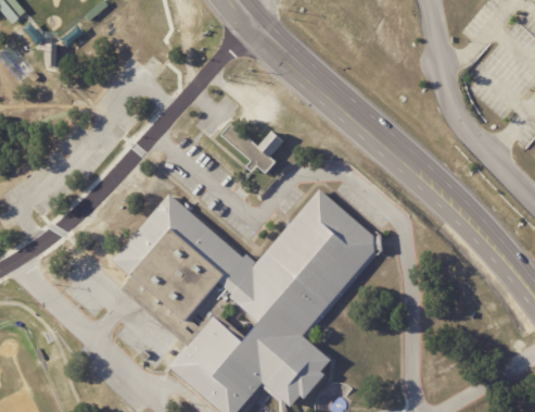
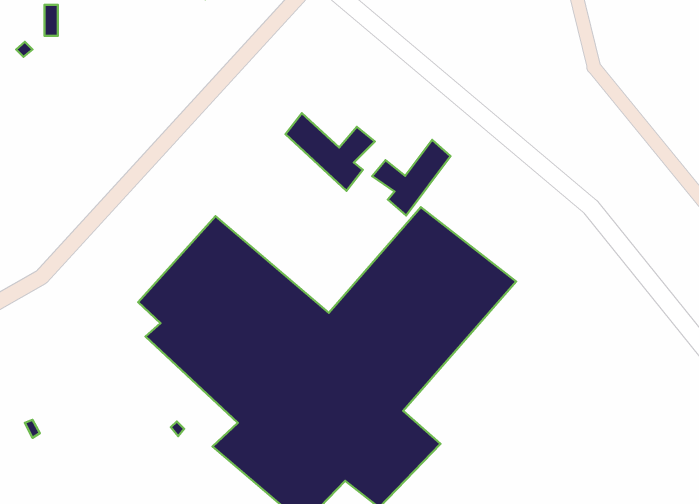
building: none -> [372,140,451,216]

